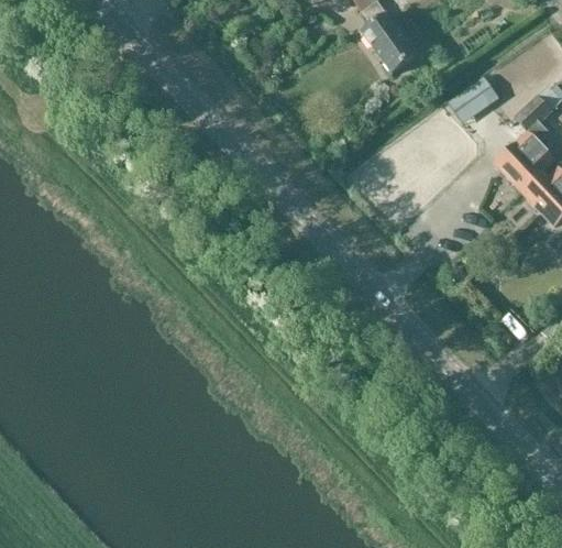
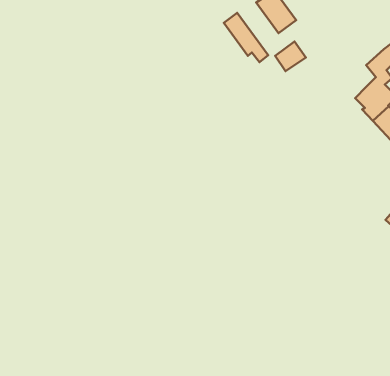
building: none -> [224,13,268,62]
building: [450,81,492,122] -> [275,41,306,71]

